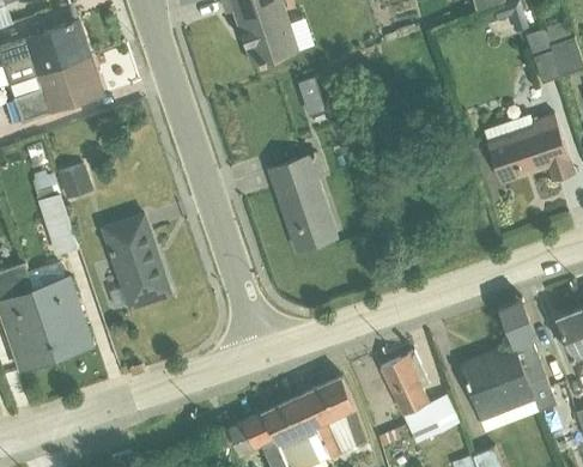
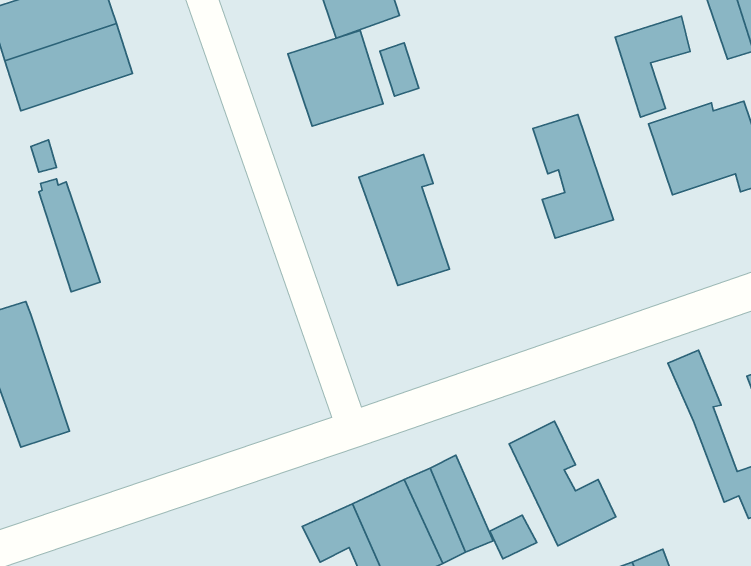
building: none -> [615,16,690,117]
building: none -> [288,30,383,126]
building: none -> [533,114,613,238]
building: [57,164,93,199] -> none
building: [101,214,171,309] -> none
building: [26,260,92,358] -> none
building: [461,351,540,431] -> none

